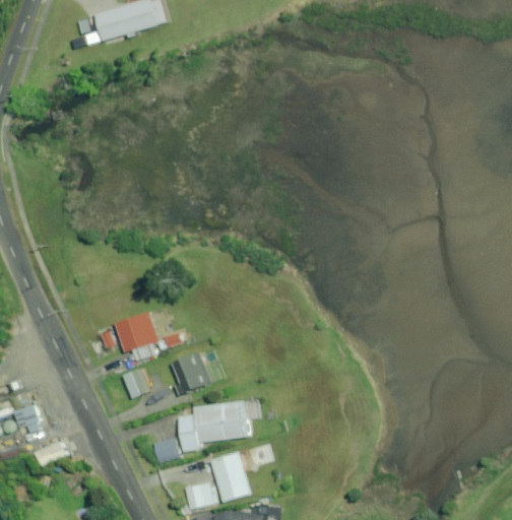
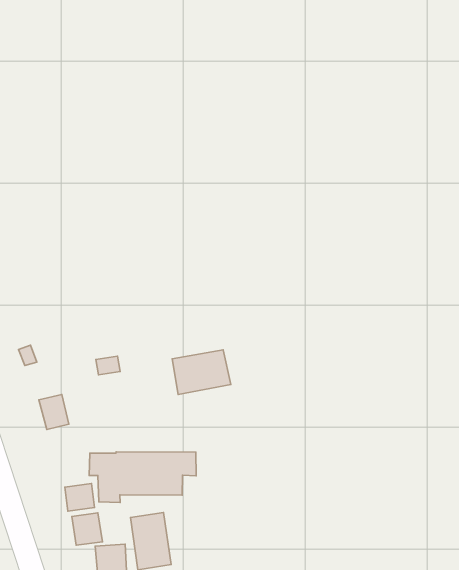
building: [114,311,158,361] -> none
building: [172,350,222,392] -> [172,350,231,394]
building: none -> [72,513,102,545]

